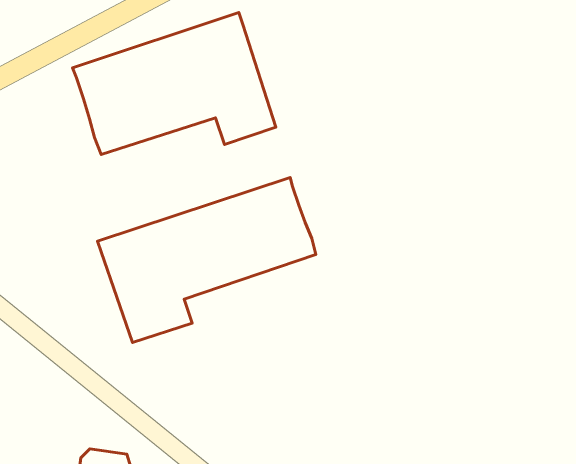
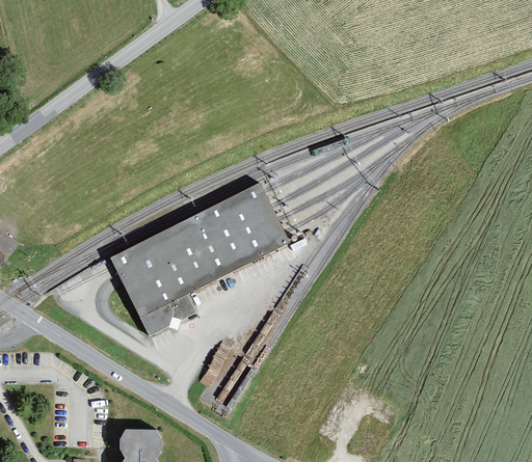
building: [73,13,276,155] -> none

